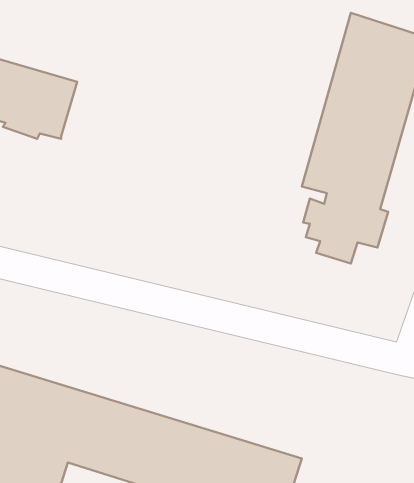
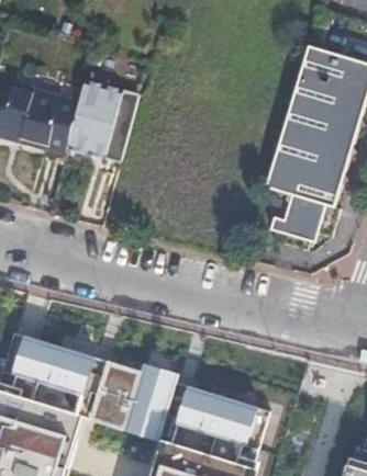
building: none -> [69,79,142,161]

